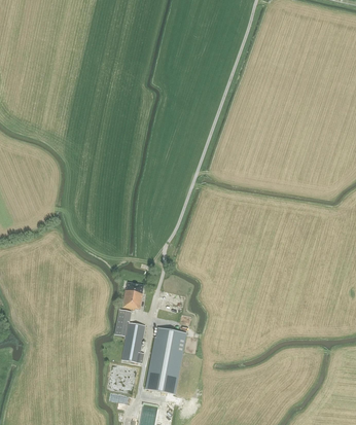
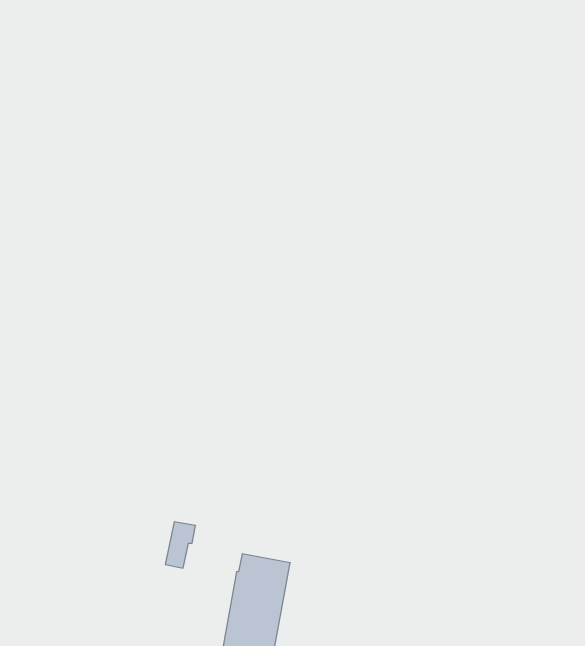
building: [121,281,143,309] -> none
building: [120,321,144,362] -> none

